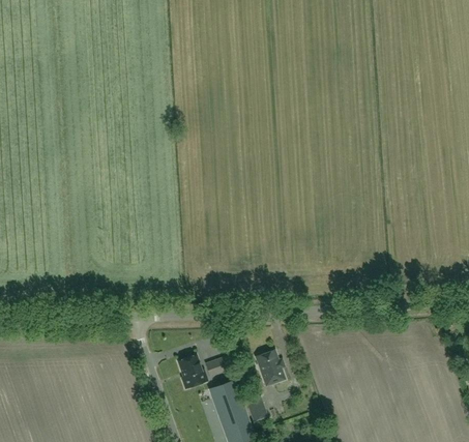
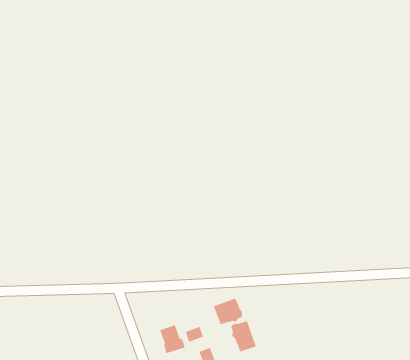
building: none -> [213,297,243,325]

